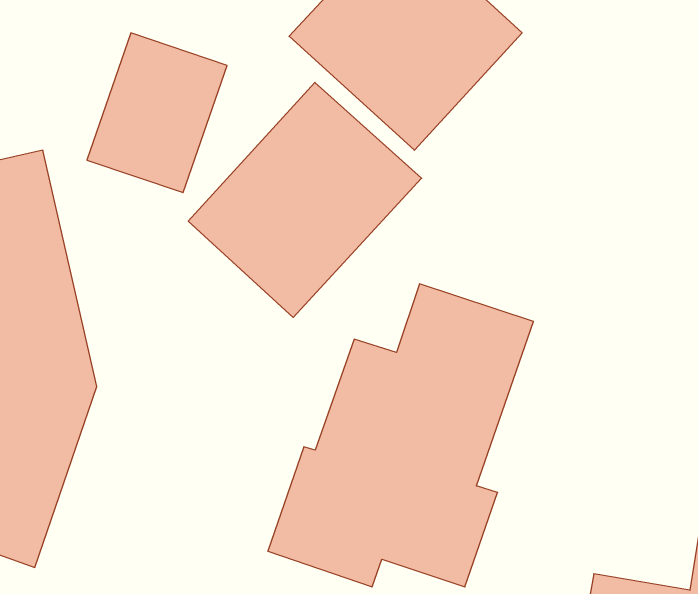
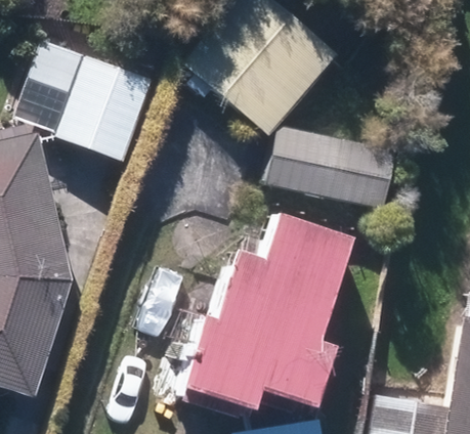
building: [188,82,422,317] -> none
building: none -> [270,129,394,208]

